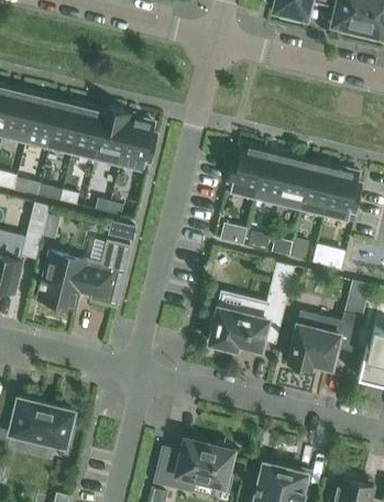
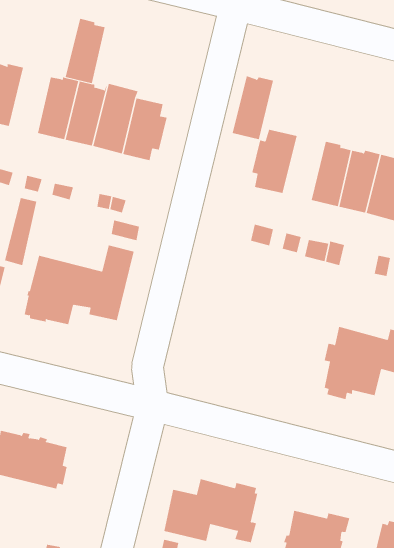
building: [25,94,59,149] -> [65,18,106,84]
building: [254,151,289,205] -> [232,75,274,140]
building: [209,262,294,351] -> none

